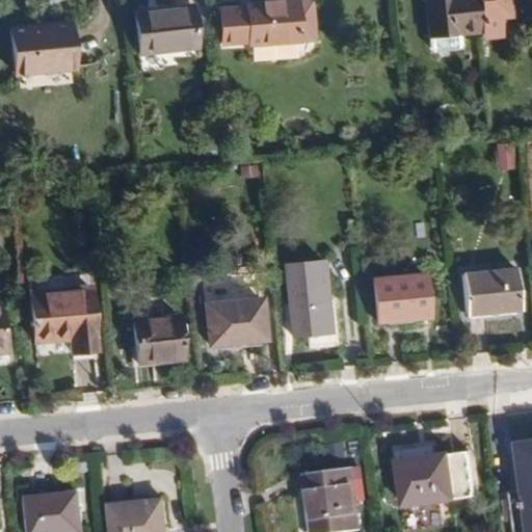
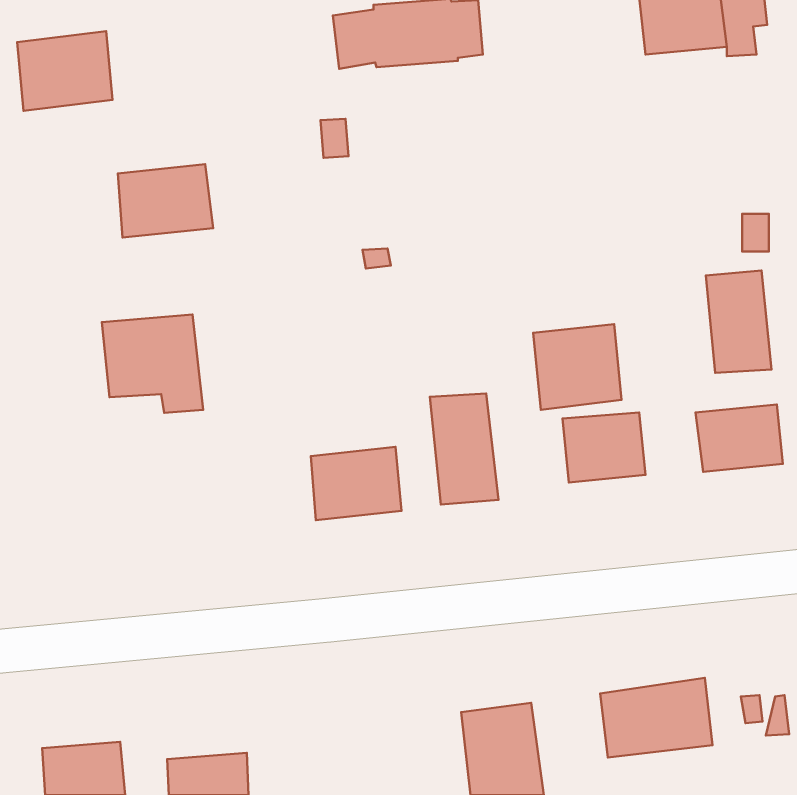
building: [136,5,200,54] -> [118,164,213,238]
building: none -> [706,270,771,373]
building: none -> [533,324,621,410]
building: [32,287,100,352] -> [102,314,203,413]
building: [135,316,185,363] -> none

